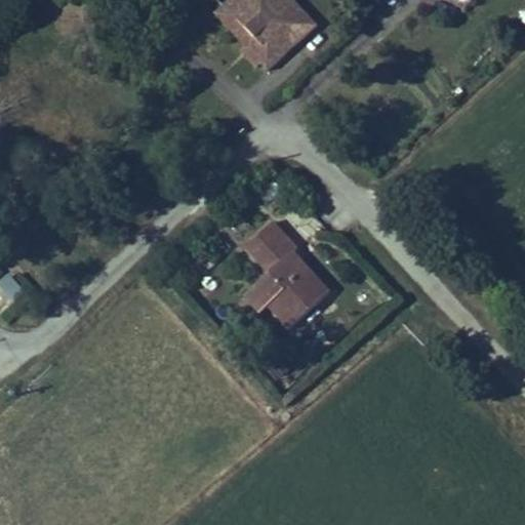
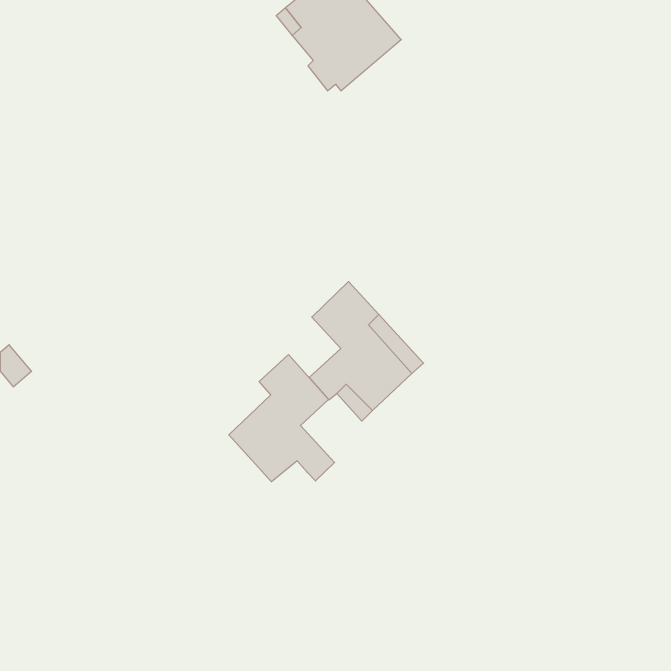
building: none -> [229,355,335,482]

